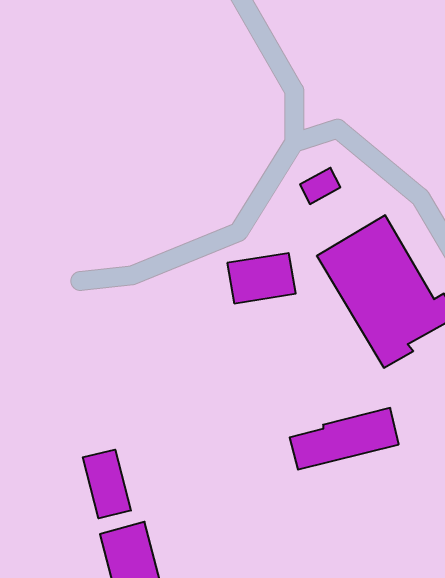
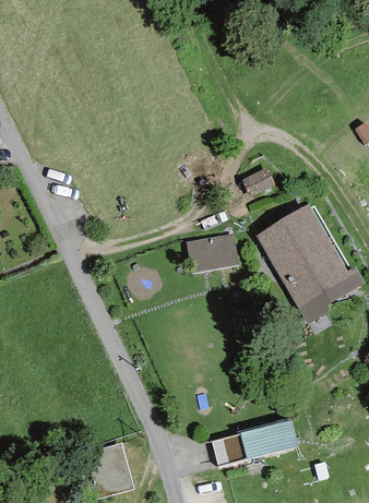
building: [290,408,399,470] -> [212,418,297,466]
building: [83,450,131,518] -> none

